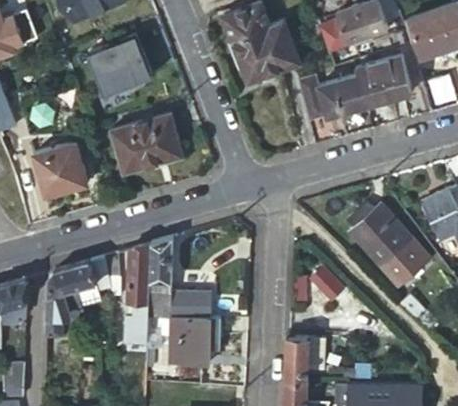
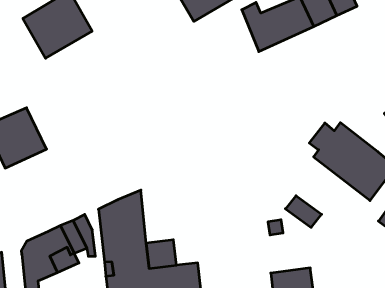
building: [111,113,183,174] -> none

